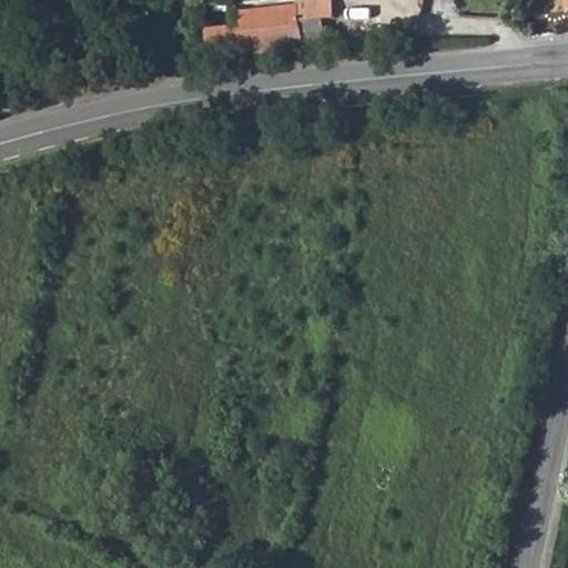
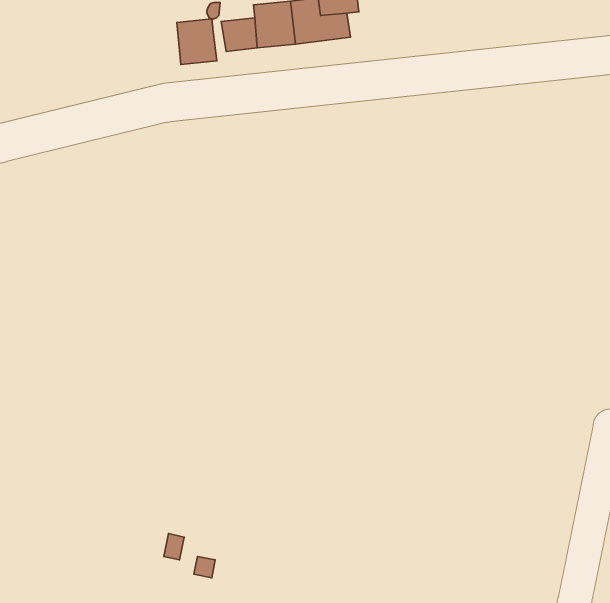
building: none -> [177,19,217,65]

